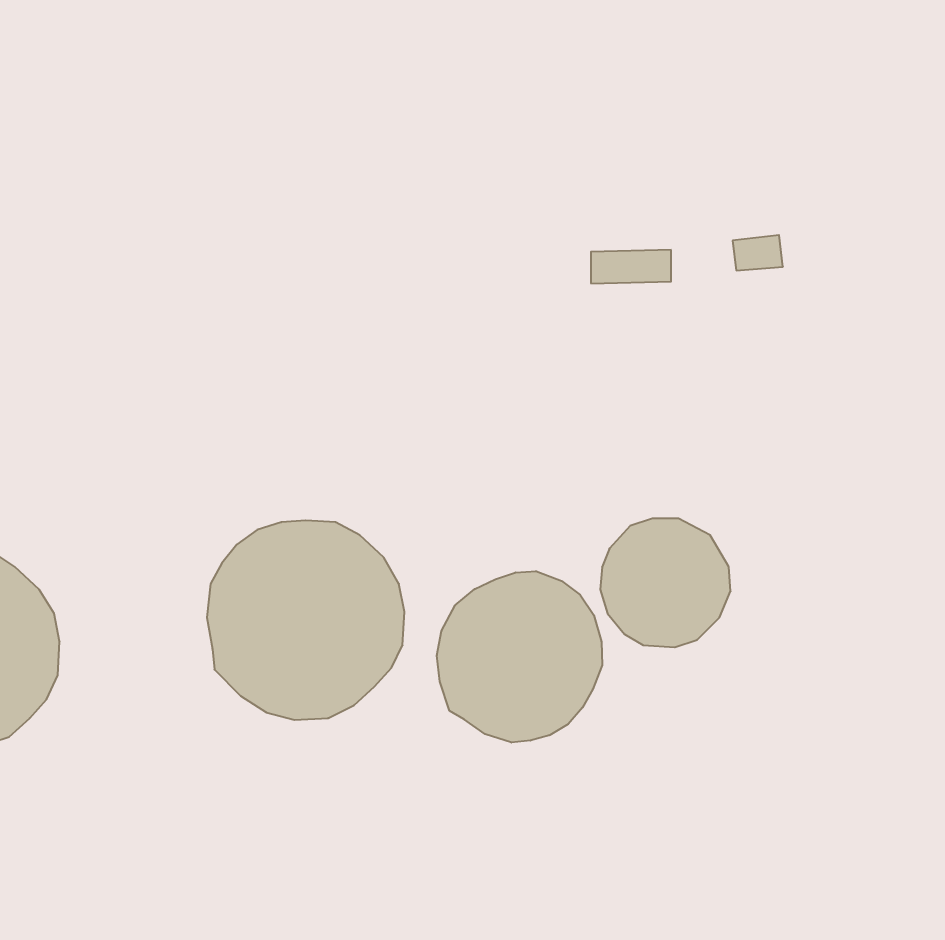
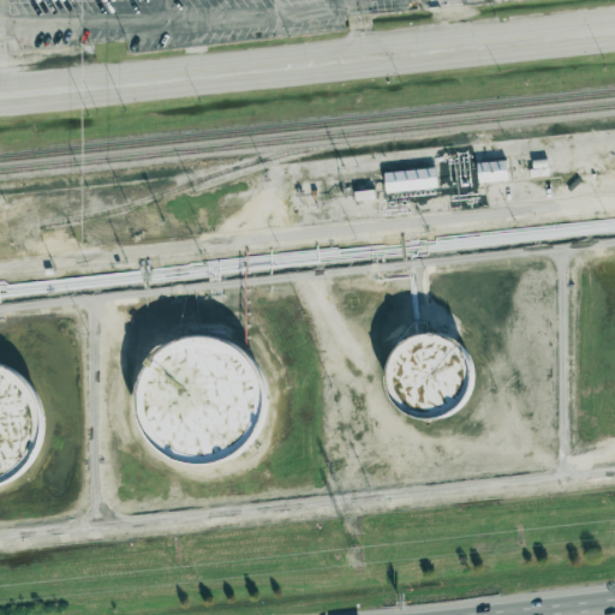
building: [437,571,602,743] -> none

